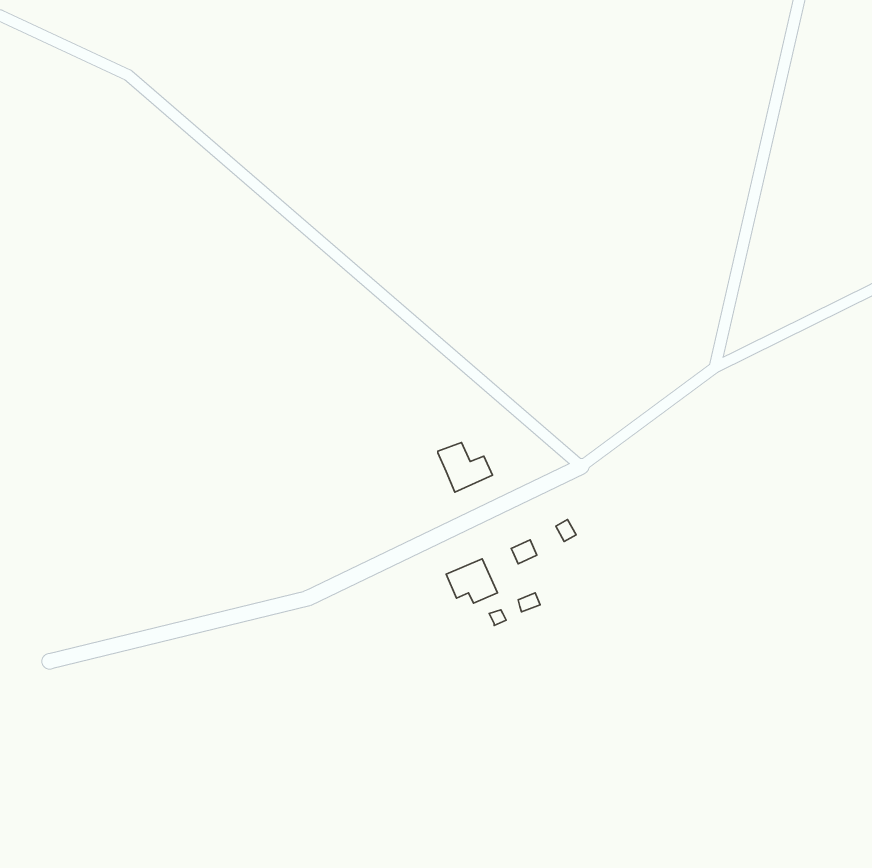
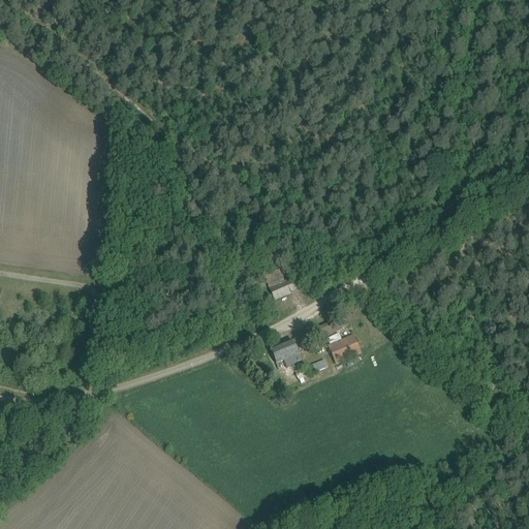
building: none -> [328,331,362,363]

